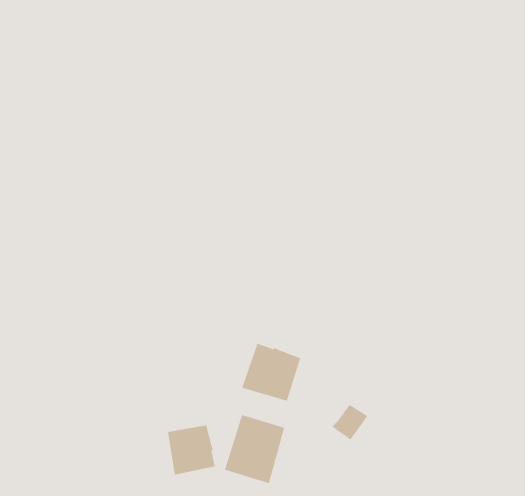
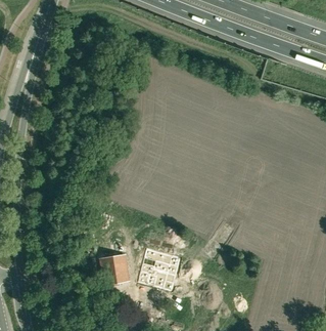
building: [242,343,301,402] -> none

